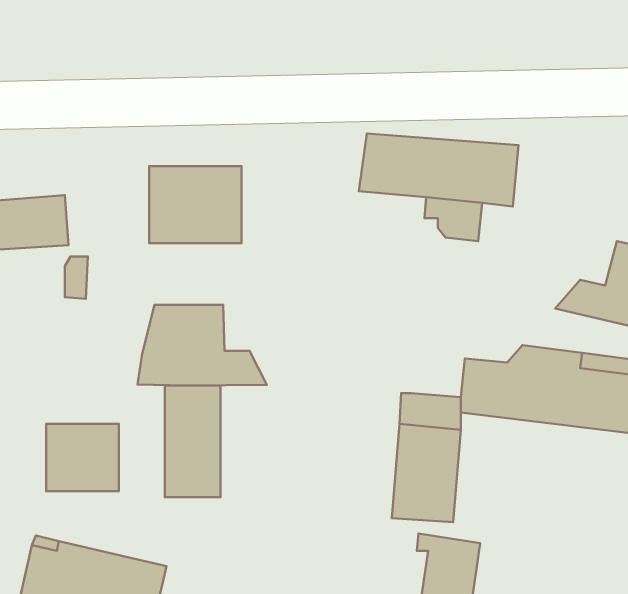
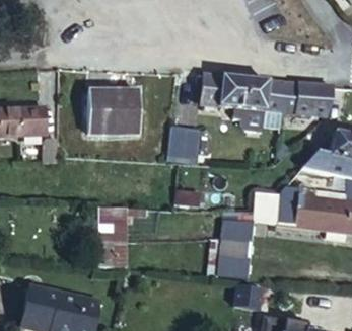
building: none -> [281,79,333,114]
building: none -> [168,127,198,162]
building: [138,305,267,386] -> none
building: [46,424,119,491] -> none

